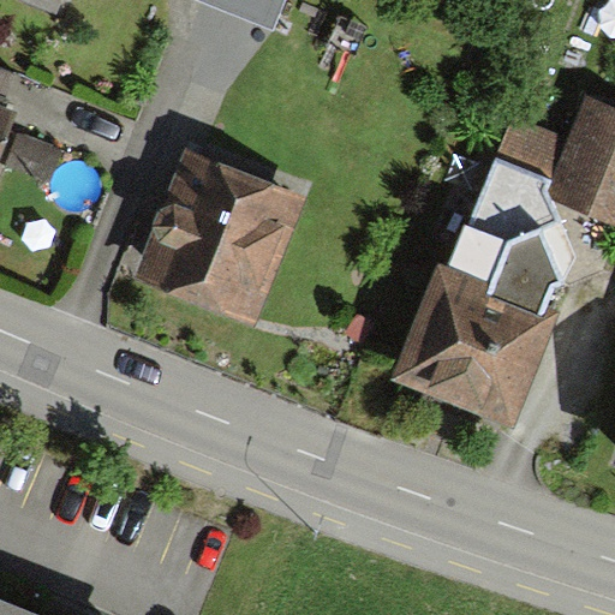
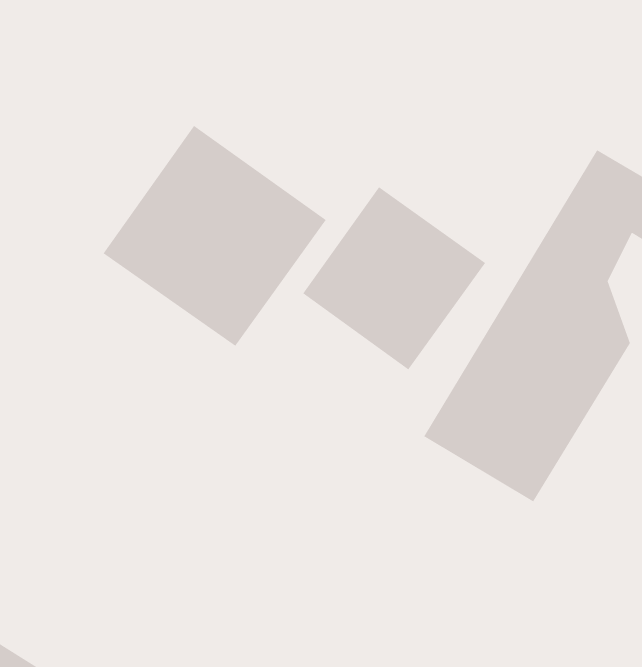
building: none -> [302,186,486,371]

